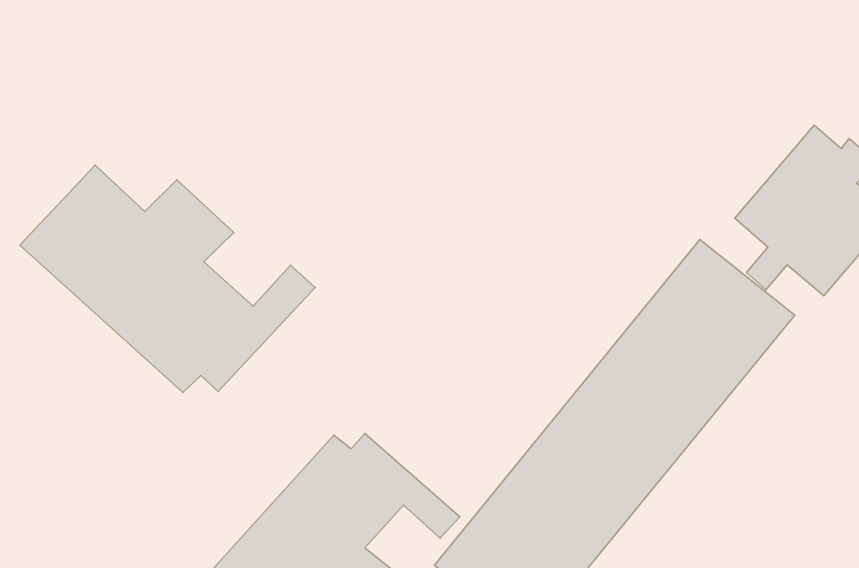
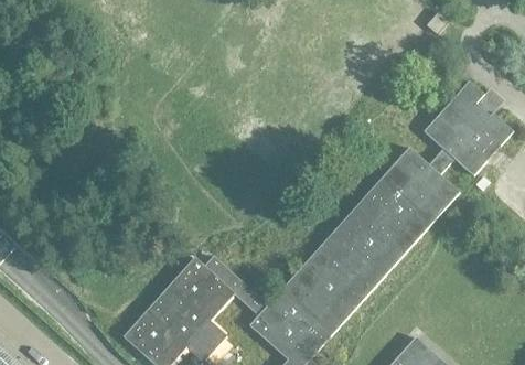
building: [20,165,315,393] -> none

